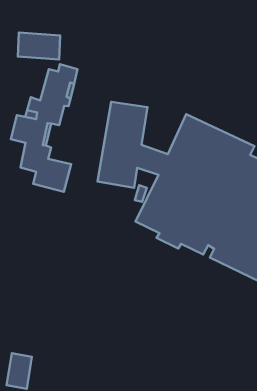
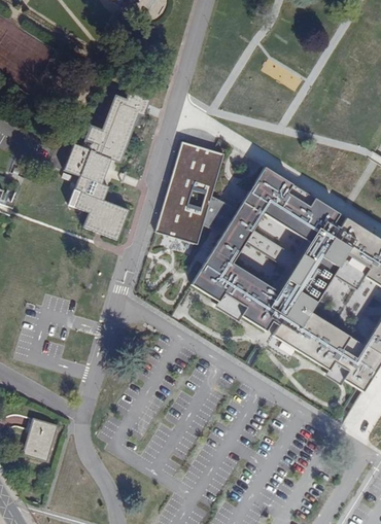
building: [18,33,60,59] -> none

